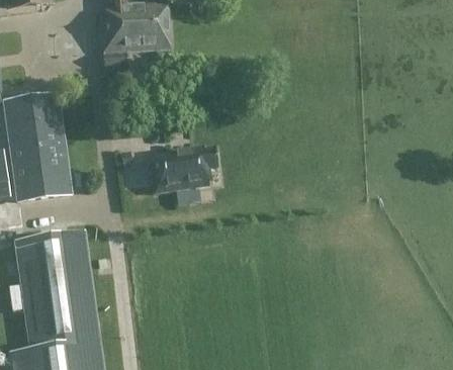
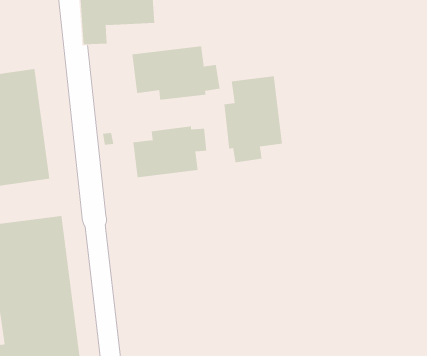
building: none -> [132,45,220,100]
building: none -> [224,76,283,163]

